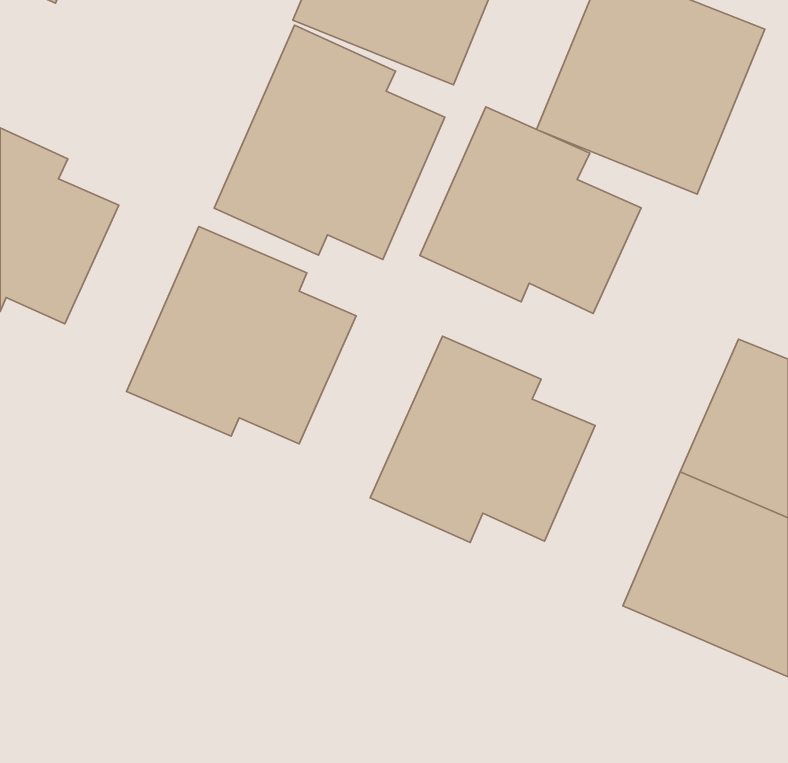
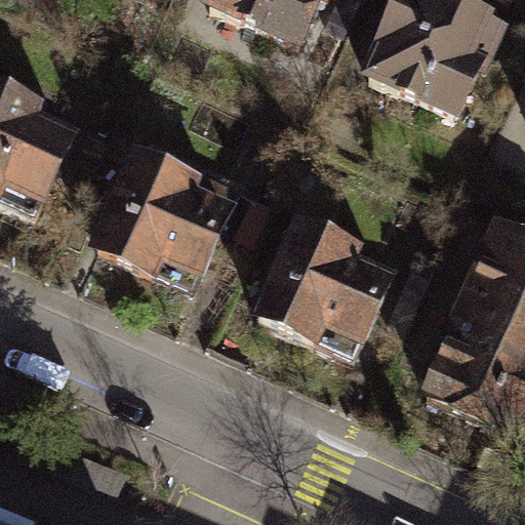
building: [214,25,445,260] -> none
building: [420,107,641,313] -> none

